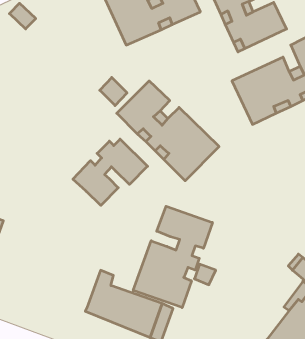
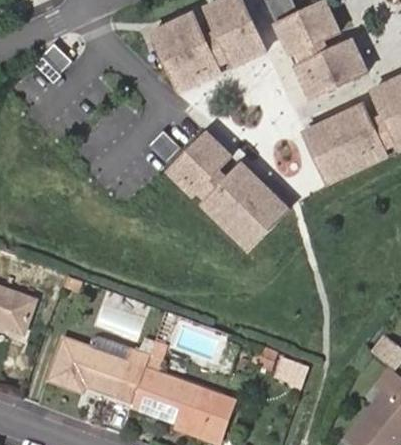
building: [73,139,148,205] -> none
building: [133,206,212,308] -> none
building: none -> [51,337,154,399]

